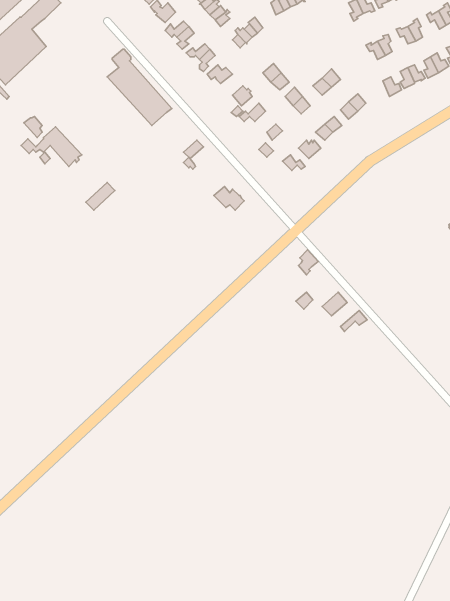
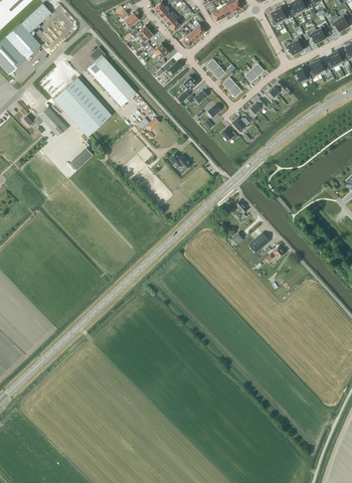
building: none -> [53,76,112,137]

